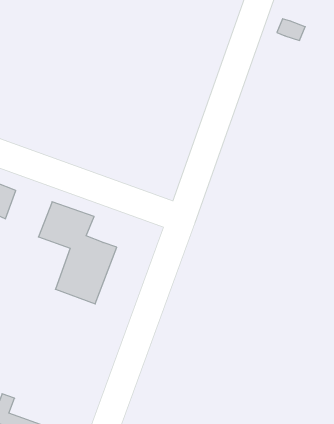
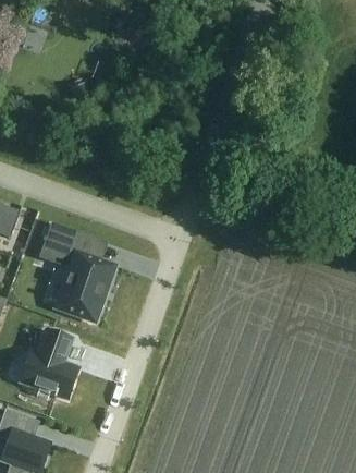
building: none -> [22,330,79,400]

